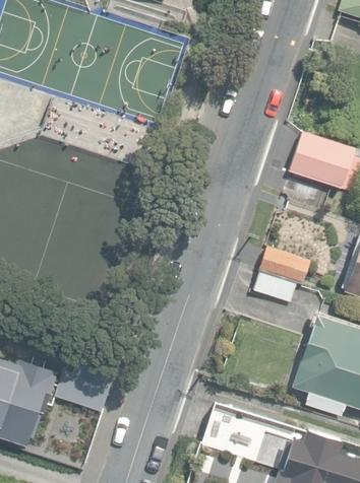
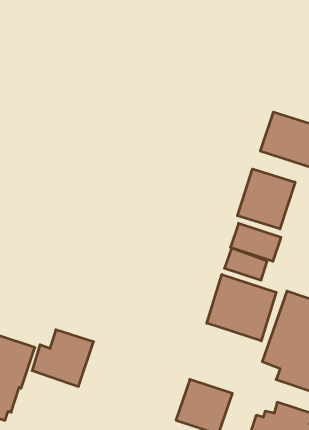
building: none -> [237,169,295,229]
building: none -> [207,274,276,341]

